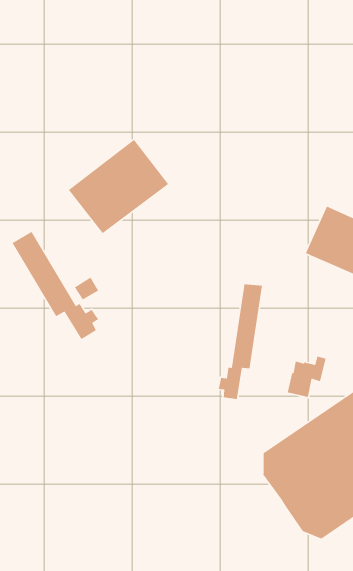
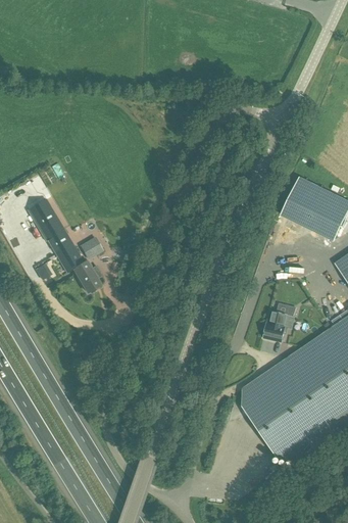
building: [68,139,169,234] -> none
building: [218,283,263,400] -> none

